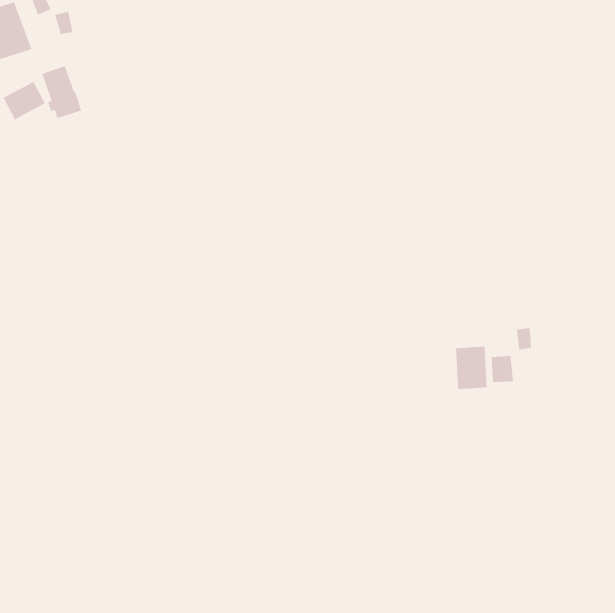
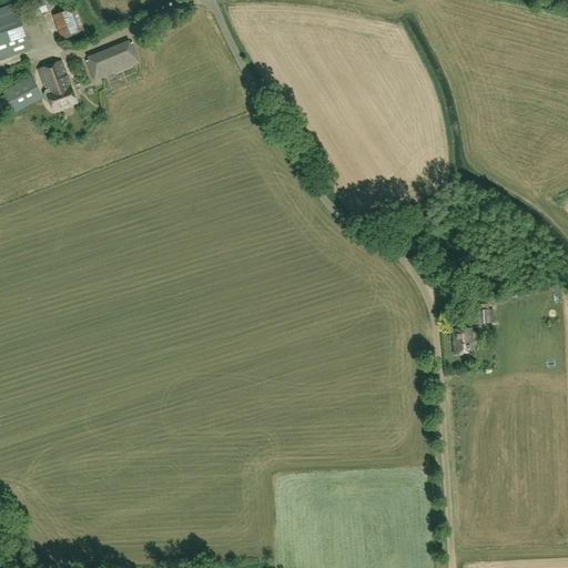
building: none -> [85,41,140,80]
building: [455,346,488,390] -> none

